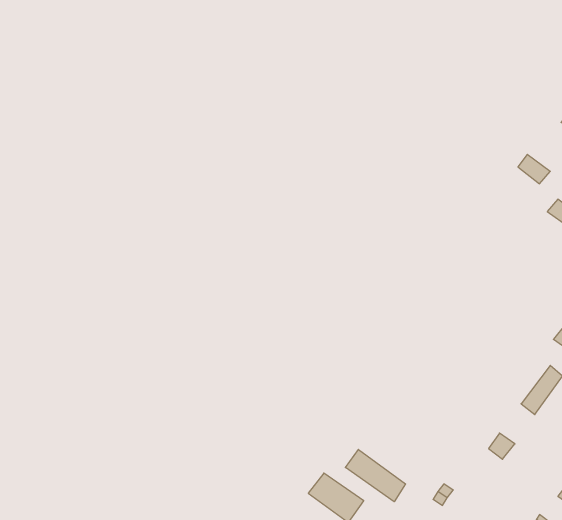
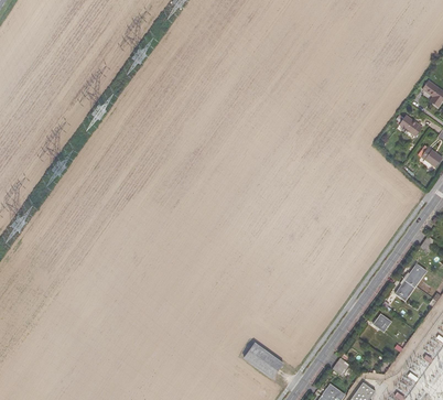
building: [345,449,406,502] -> none

